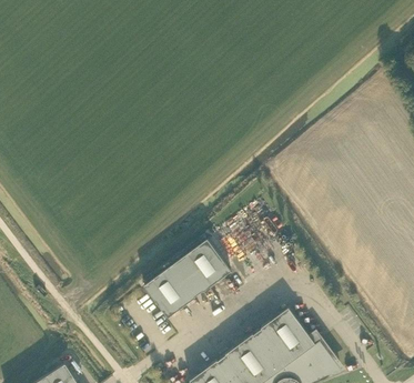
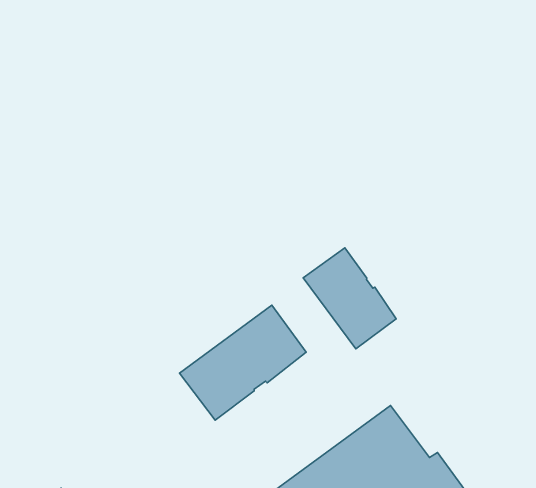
building: none -> [303,248,396,349]

